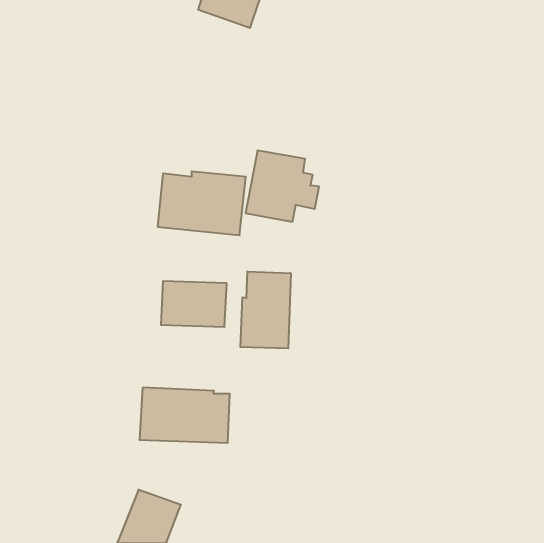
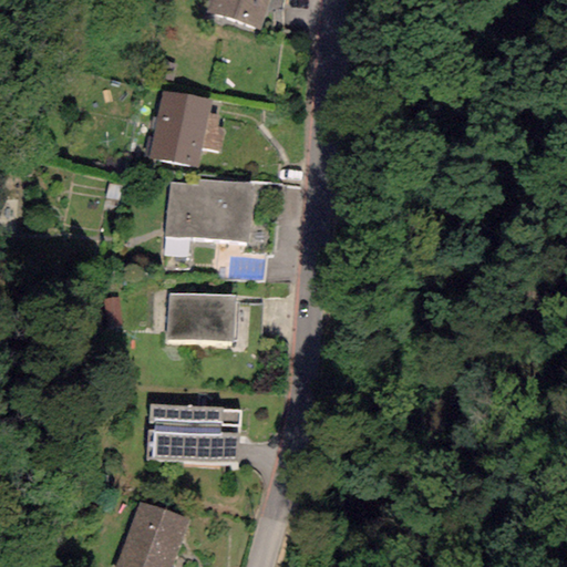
building: [246,150,319,222] -> [150,91,226,165]
building: [240,271,291,348] -> none

